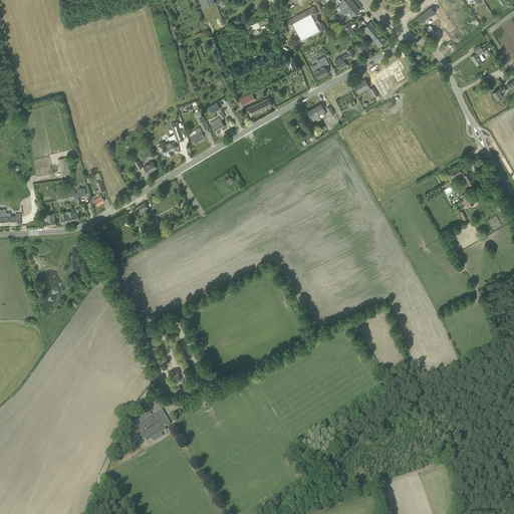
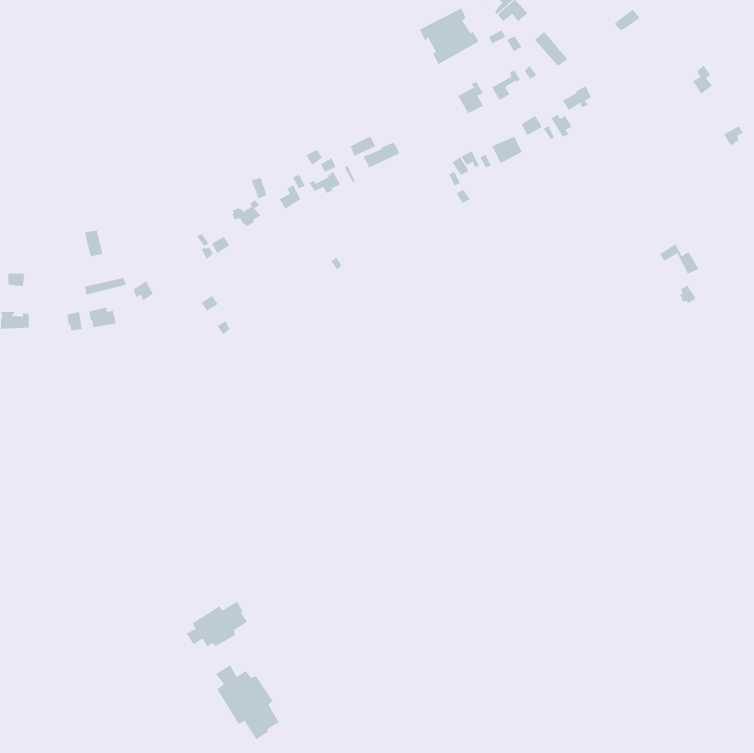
building: none -> [215,664,280,740]

